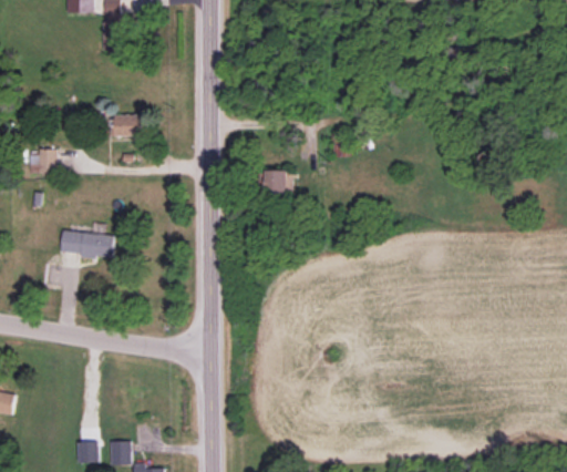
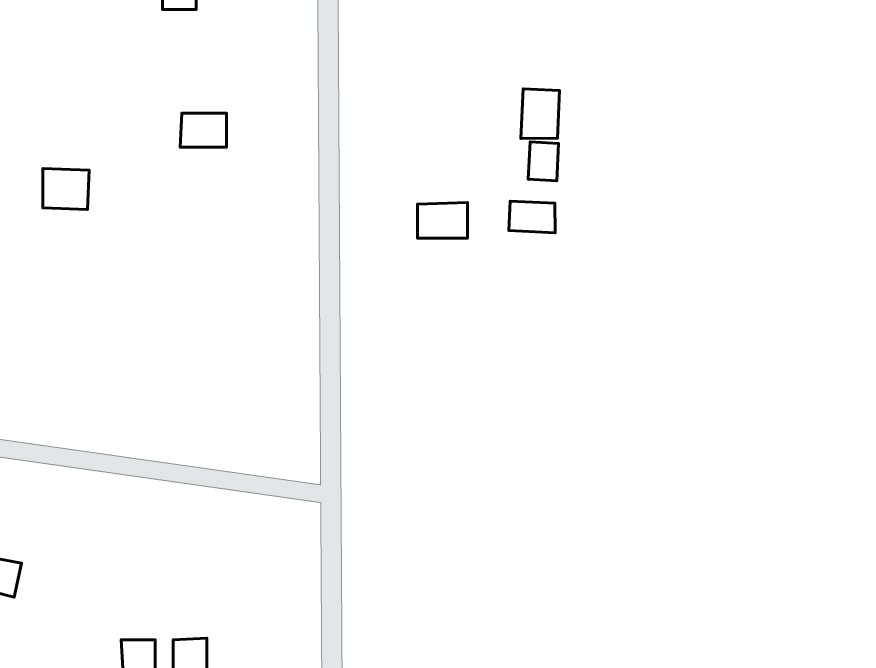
building: none -> [521,89,560,138]
building: none -> [509,201,555,233]
building: [61,233,114,257] -> none

